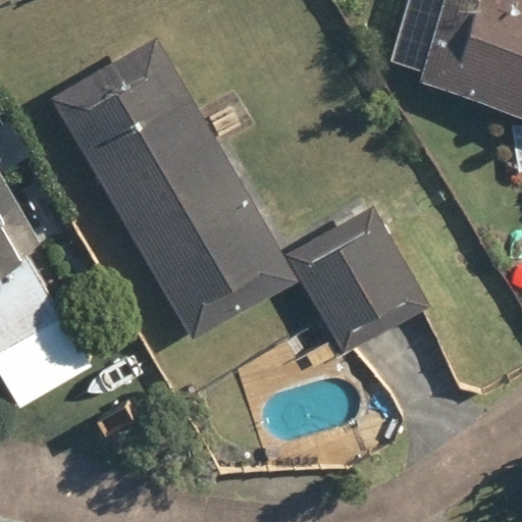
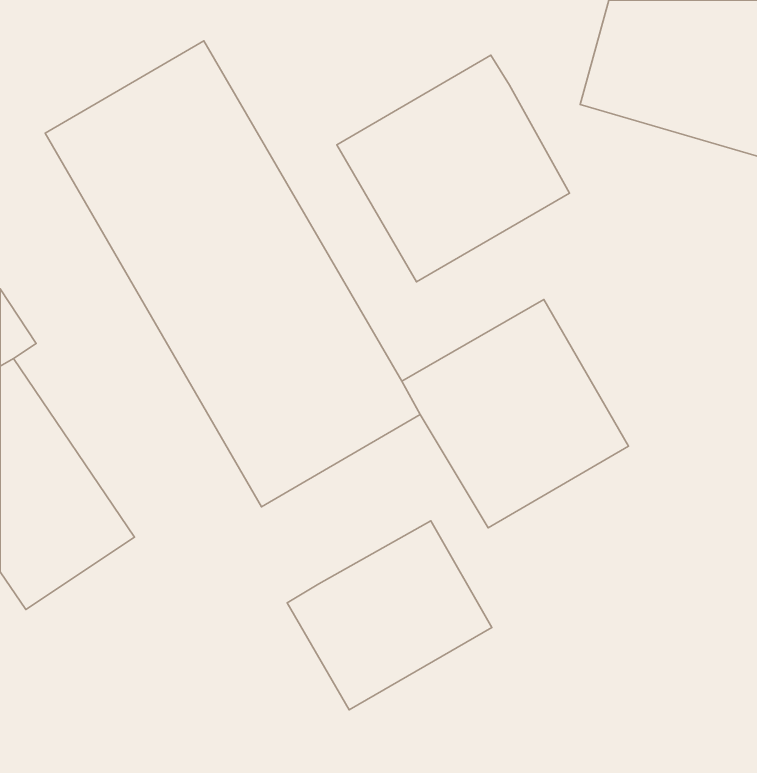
building: none -> [337,55,569,282]
building: none -> [287,521,492,710]

